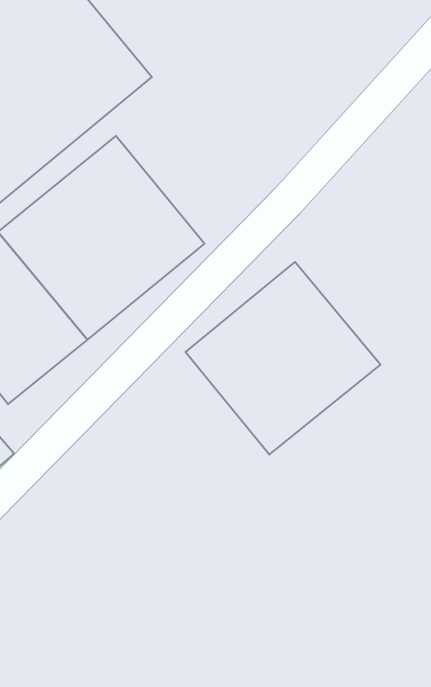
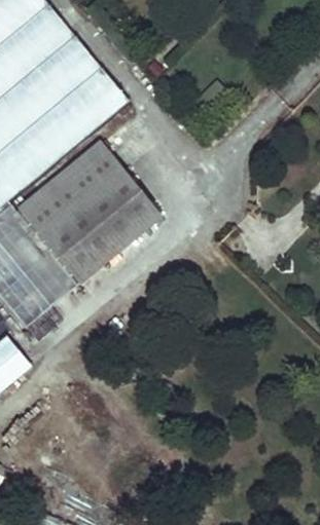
building: [185,262,381,455] -> none

